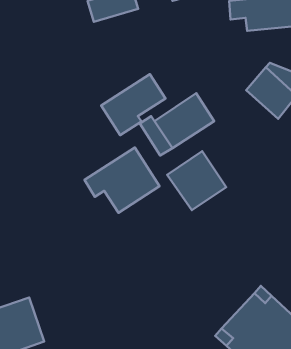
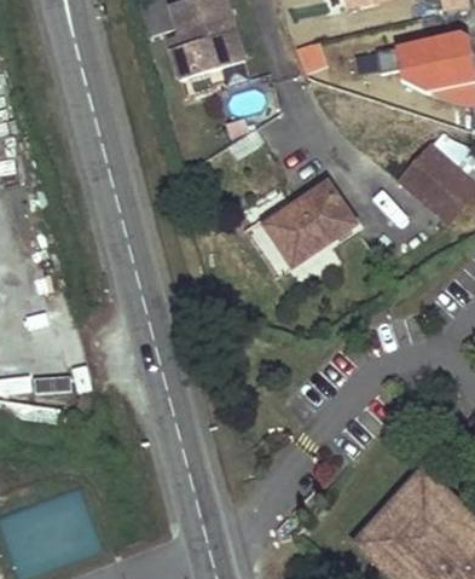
building: [101,74,166,135] -> none
building: [84,148,159,213] -> none
building: [167,151,226,210] -> none

